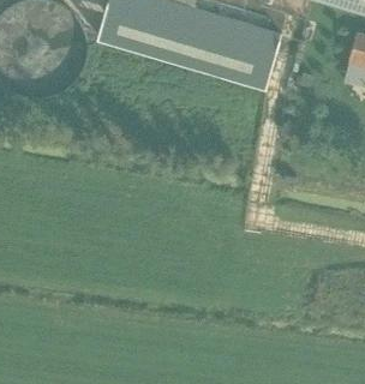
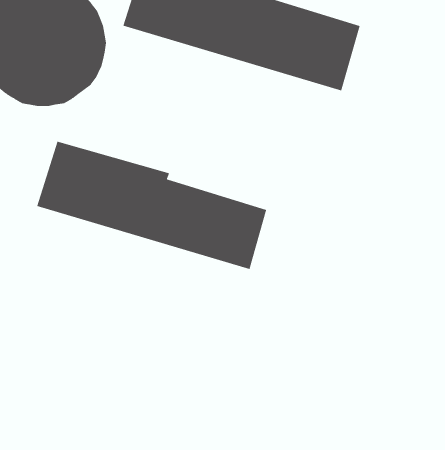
building: none -> [37,141,267,270]

